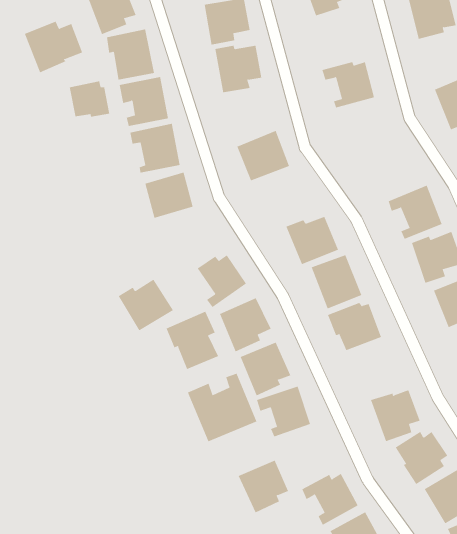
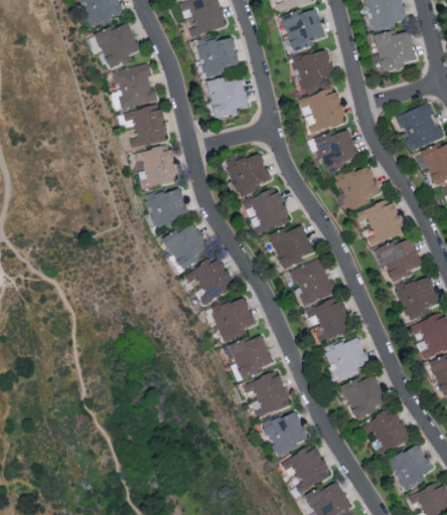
building: none -> [293,50,334,92]
building: [24,21,83,73] -> none
building: [69,81,110,118] -> none
building: none -> [308,130,359,170]
building: none -> [335,164,380,211]
building: none -> [244,189,288,233]
building: [118,279,174,331] -> [162,223,210,269]
building: [166,311,219,370] -> none
building: none -> [324,336,369,381]
building: [187,373,257,442] -> none
building: [238,460,289,513] -> [263,410,307,457]

